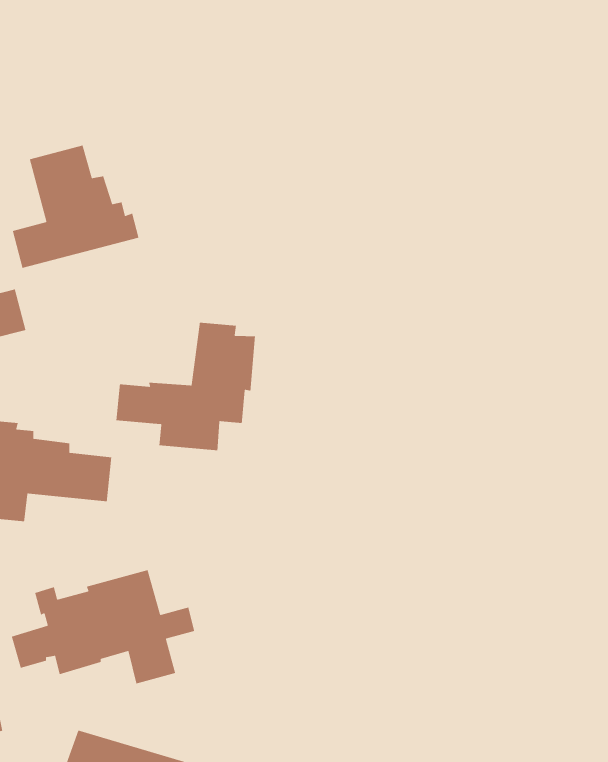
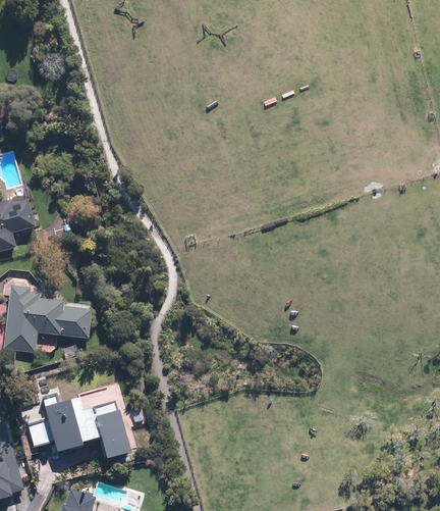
building: [12,144,140,269] -> none
building: [116,322,256,451] -> none

